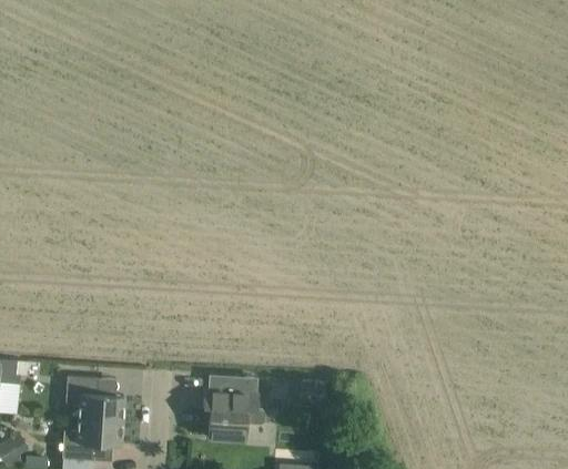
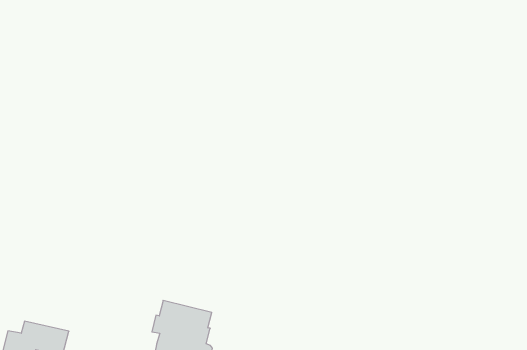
building: [65,376,124,420] -> none

